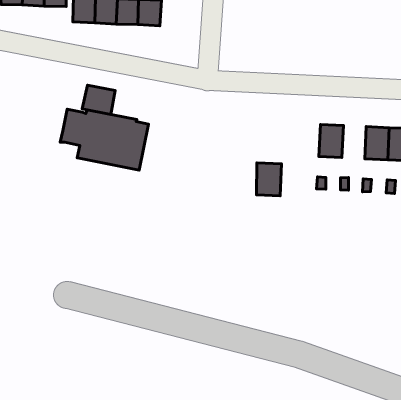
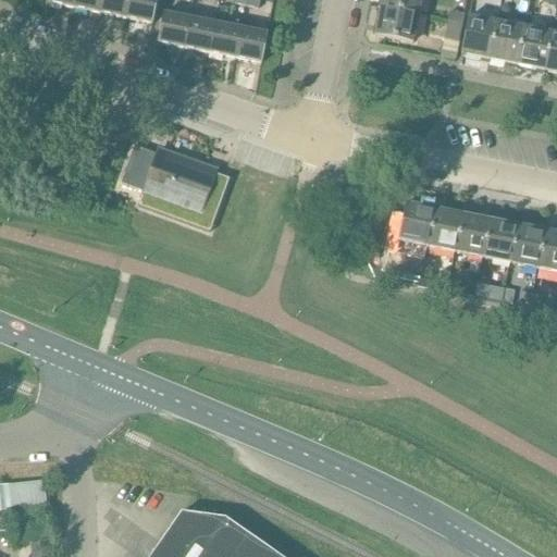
building: [82,85,115,114] -> none
building: none -> [456,212,491,256]
building: [256,163,282,196] -> [400,201,436,245]

